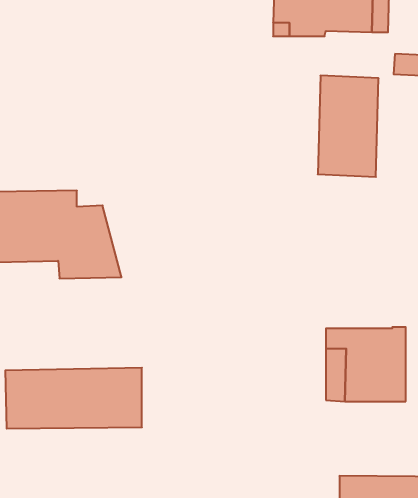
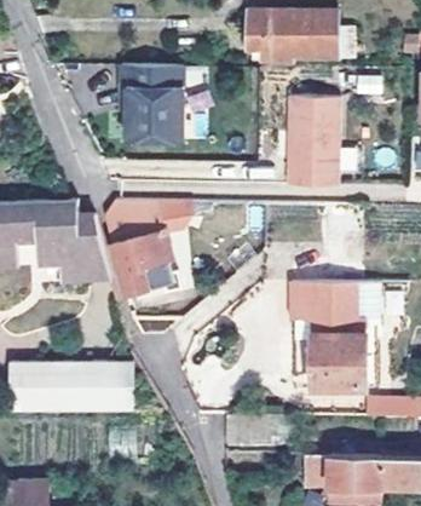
building: none -> [121,65,184,143]
building: none -> [104,200,190,295]
building: none -> [289,282,365,323]

